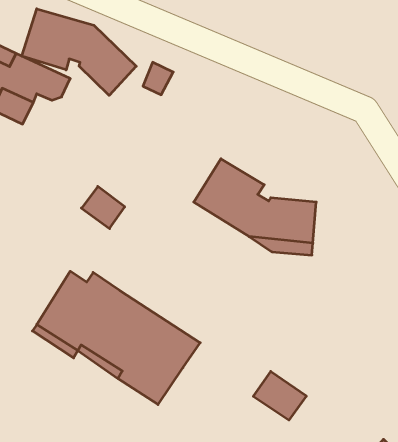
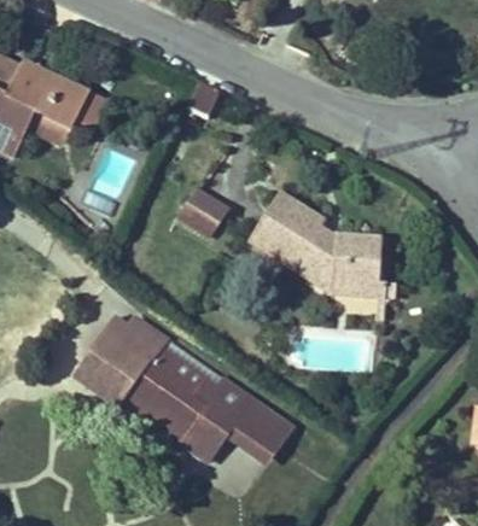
building: [22,9,136,95] -> none
building: [81,186,125,229] -> [176,185,225,232]
building: [253,371,306,420] -> [235,394,295,449]

